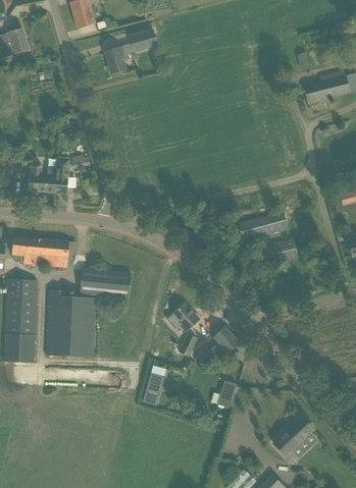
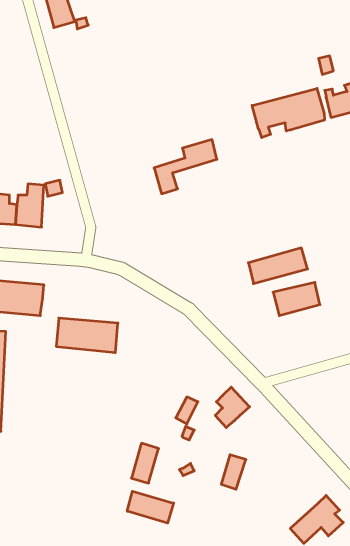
building: [105,29,157,73] -> [154,140,217,194]
building: none -> [252,88,324,138]
building: [46,290,95,357] -> none
building: [166,303,199,332] -> none
building: none -> [127,491,174,523]

